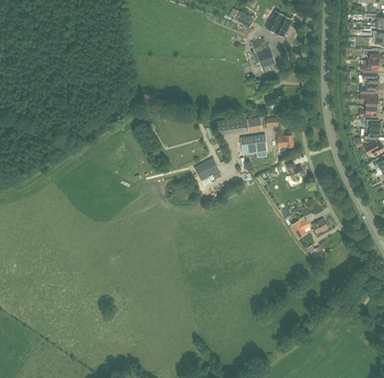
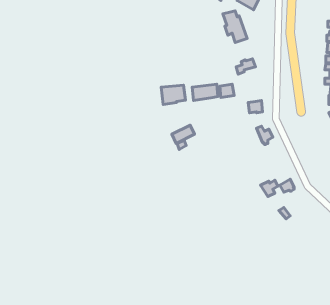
building: [241,134,267,155] -> [161,85,186,104]

